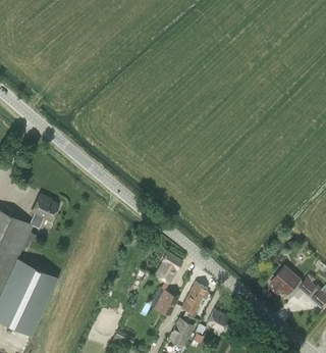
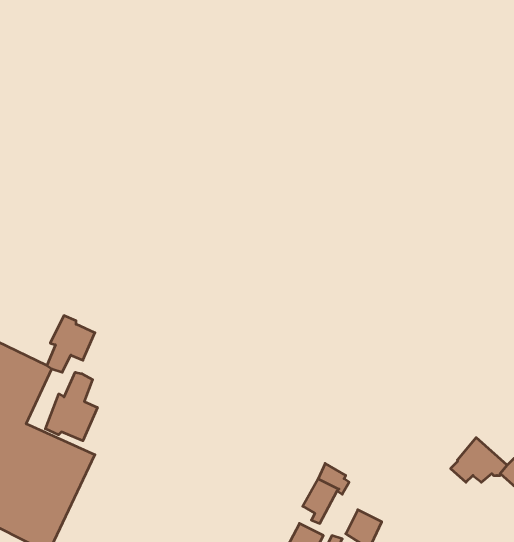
building: none -> [45,372,97,441]
building: [151,253,181,316] -> none

